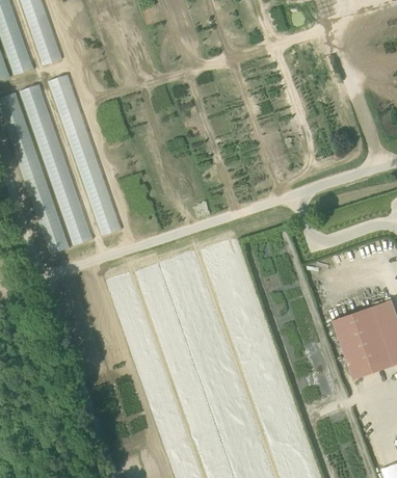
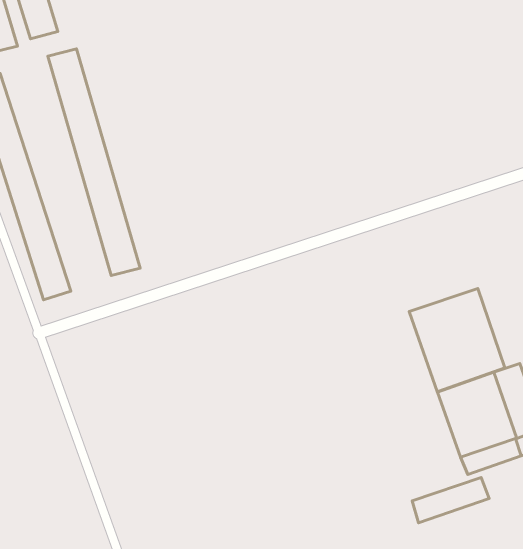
building: [24,82,88,246] -> none
building: none -> [409,289,505,392]
building: none -> [412,477,489,523]

